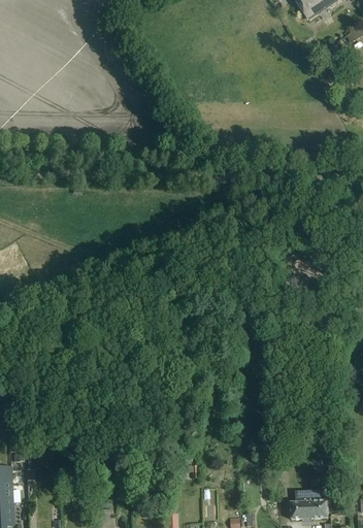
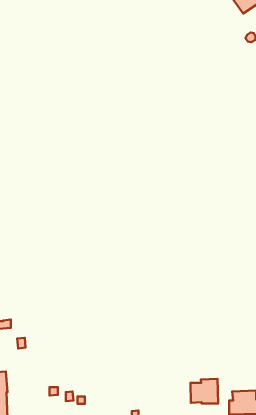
building: none -> [191,379,218,404]

